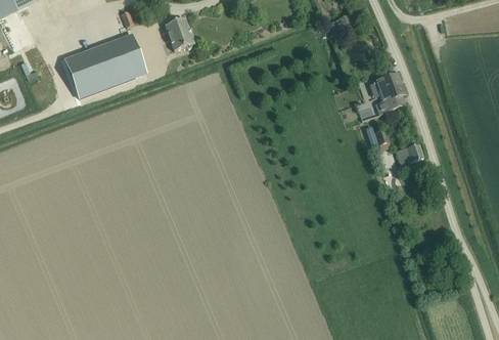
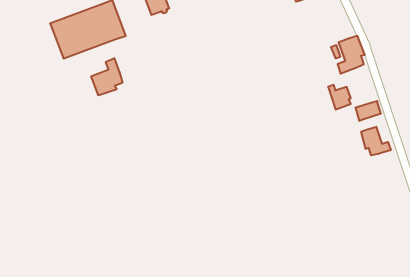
building: none -> [91,58,122,95]
building: none -> [361,127,391,155]

